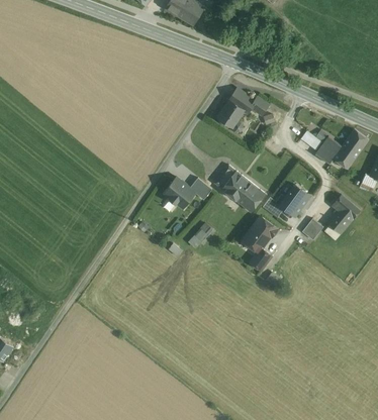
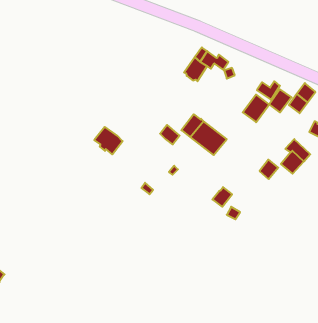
building: [164,178,196,209] -> [94,127,123,154]
building: [280,185,310,216] -> [243,95,269,122]
building: [243,218,278,252] -> none

